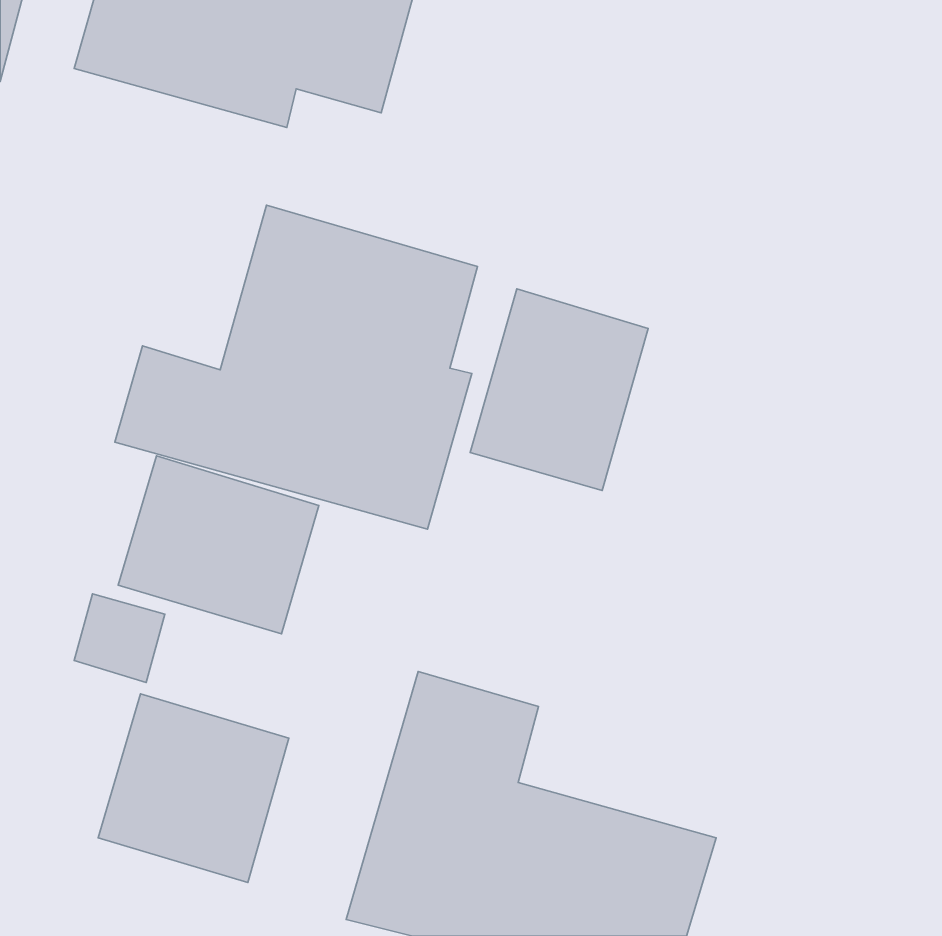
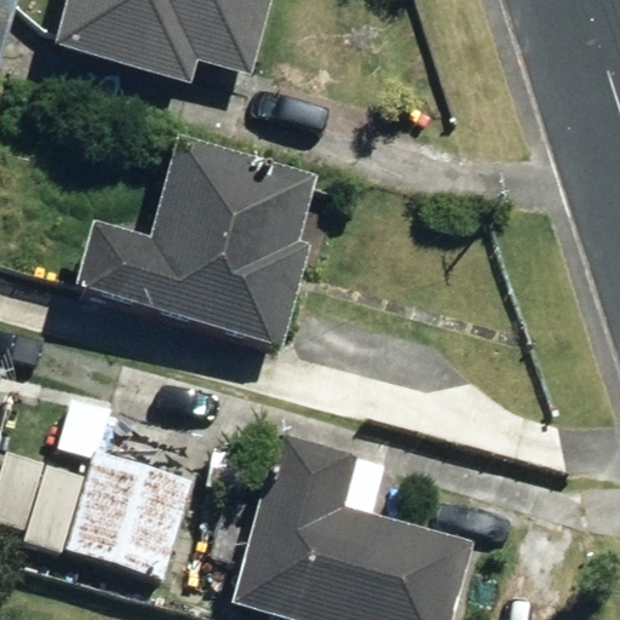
building: [470,289,648,490] -> none
building: [118,456,319,634] -> none

